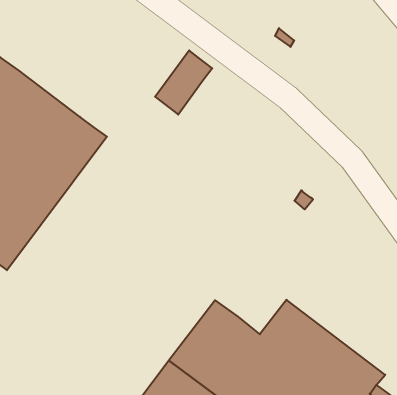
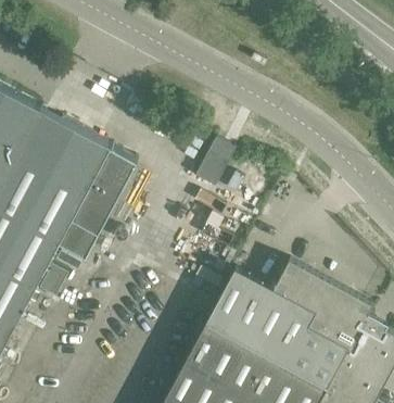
building: [155,50,212,115] -> [195,141,236,191]

